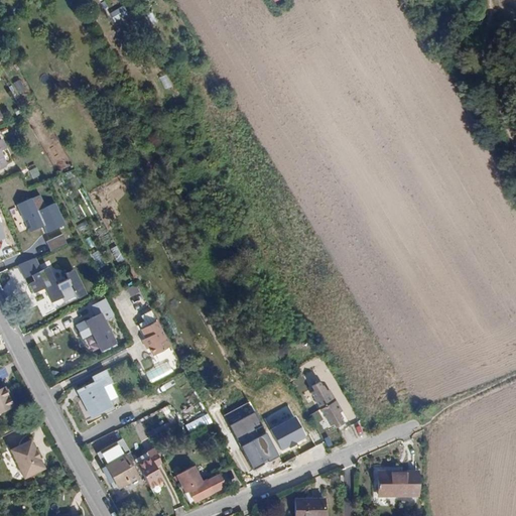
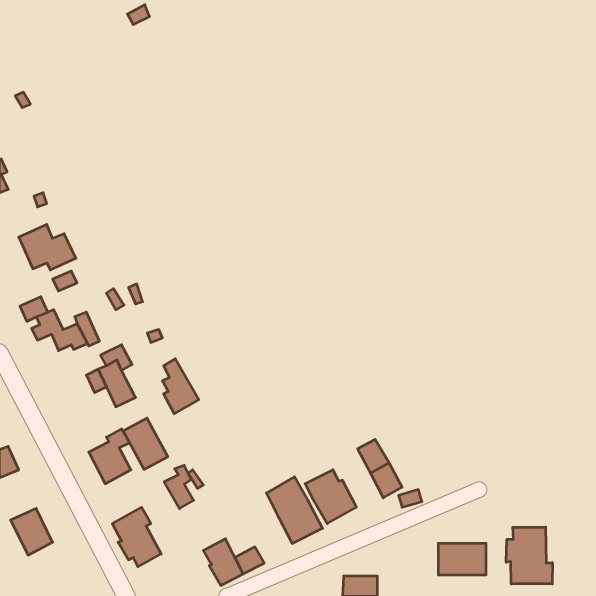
building: none -> [123,418,168,469]
building: [138,449,163,487] -> [164,465,194,509]
building: none -> [506,527,552,584]

